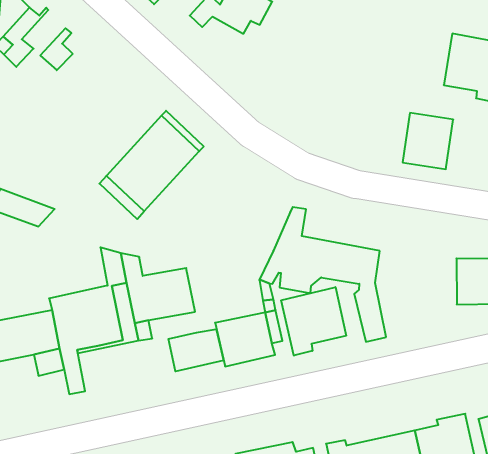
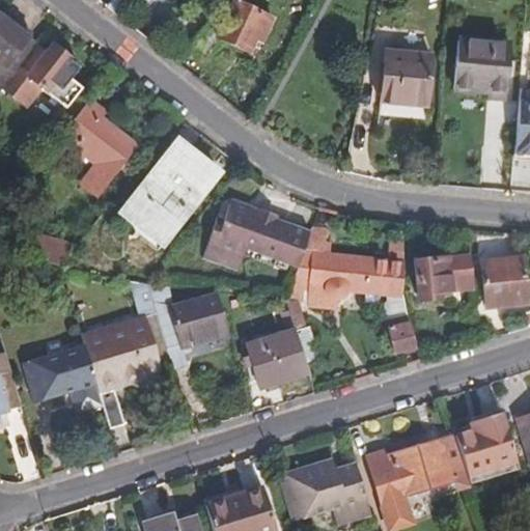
building: none -> [31,48,75,93]
building: none -> [58,97,139,193]
building: [403,113,453,169] -> [384,51,430,104]
building: none -> [202,199,312,270]
building: none -> [415,255,473,300]
building: [281,287,346,356] -> none
building: [168,329,224,371] -> none

